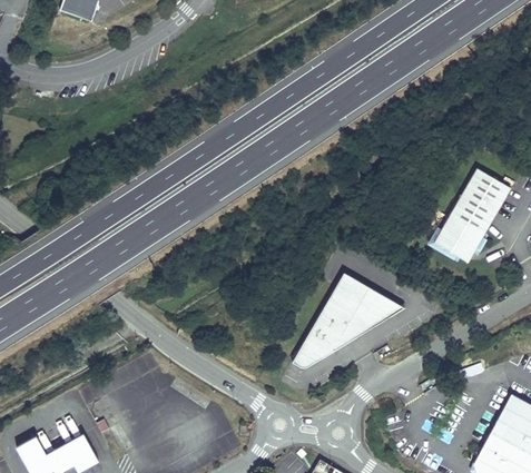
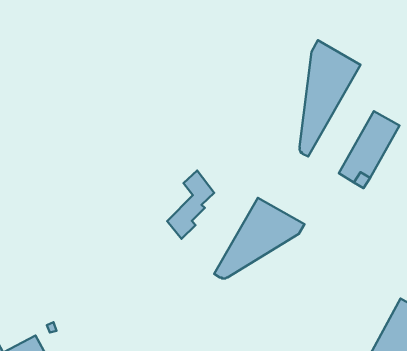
building: none -> [299,40,361,157]
building: none -> [167,170,214,239]

